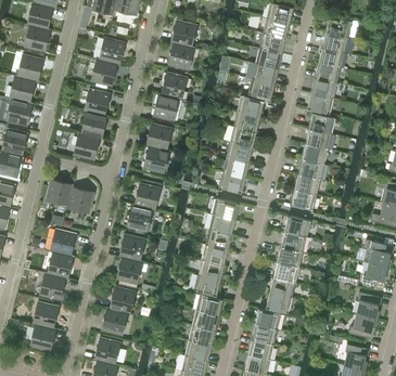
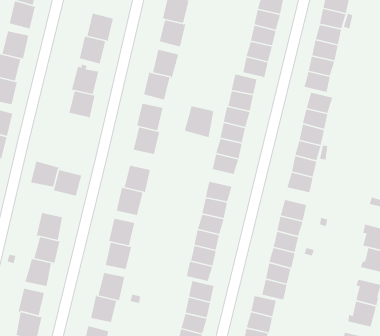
building: none -> [184,105,214,138]
building: [74,132,100,160] -> none

